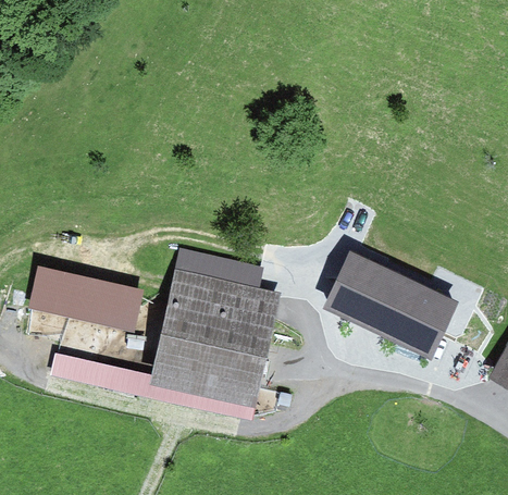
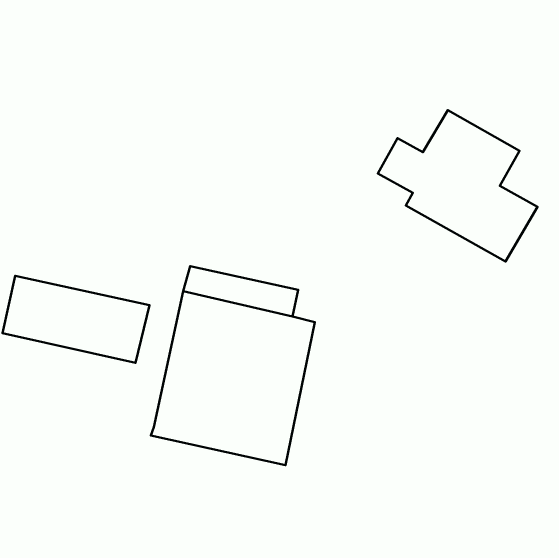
building: [324,246,448,363] -> [378,110,538,262]
building: [52,355,255,420] -> none

